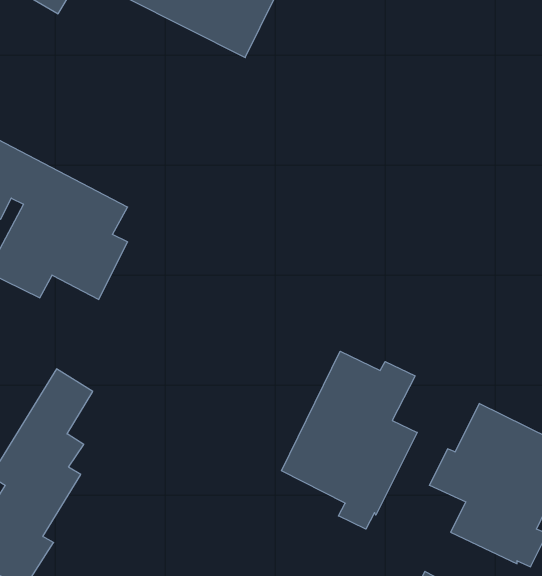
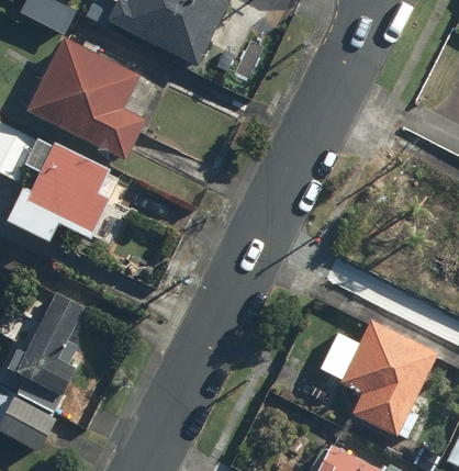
building: none -> [25,37,146,159]
building: [282,351,417,529] -> none

